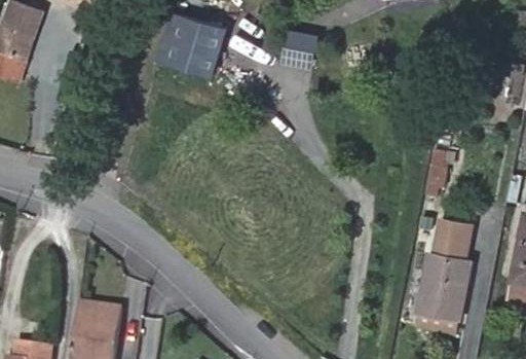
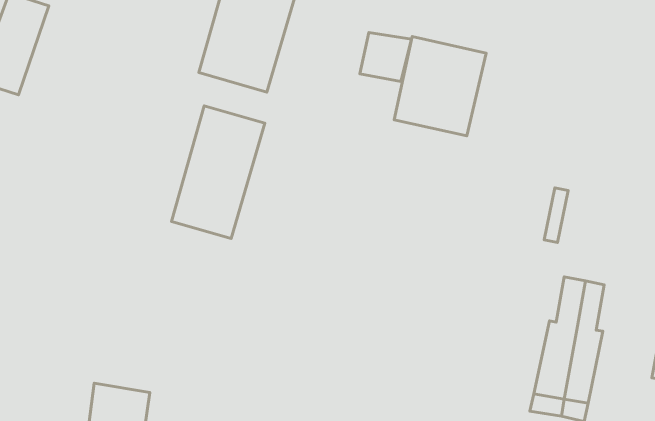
building: none -> [394,36,486,136]
building: none -> [171,106,265,238]

